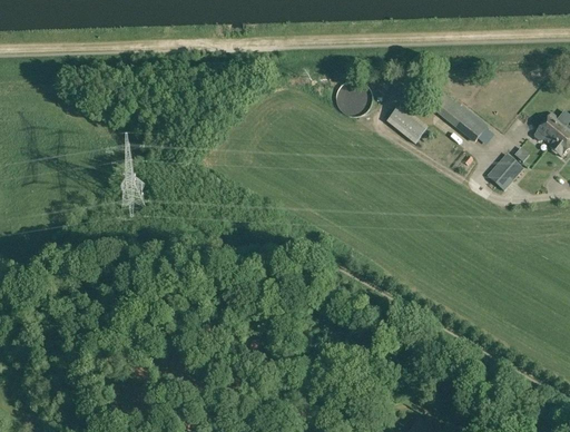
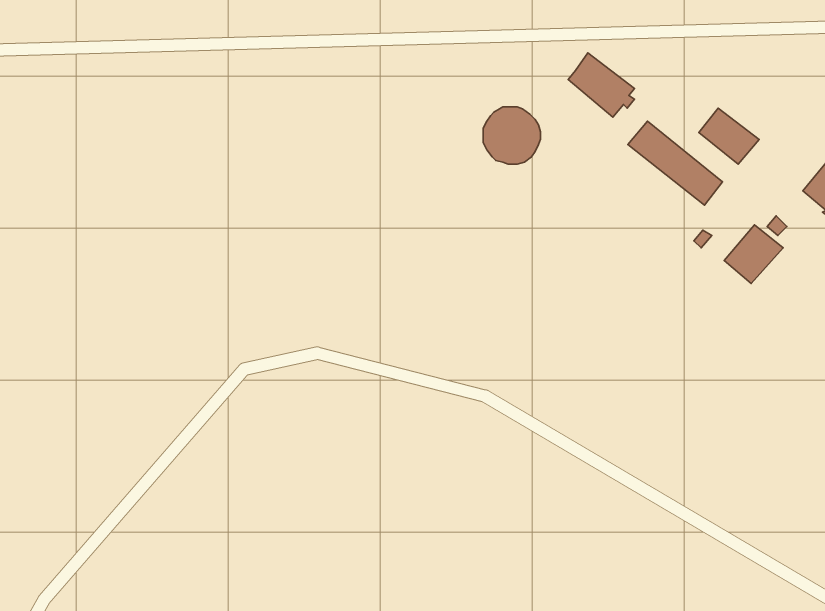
building: none -> [699,108,759,164]
building: [386,104,428,144] -> [568,53,634,117]

